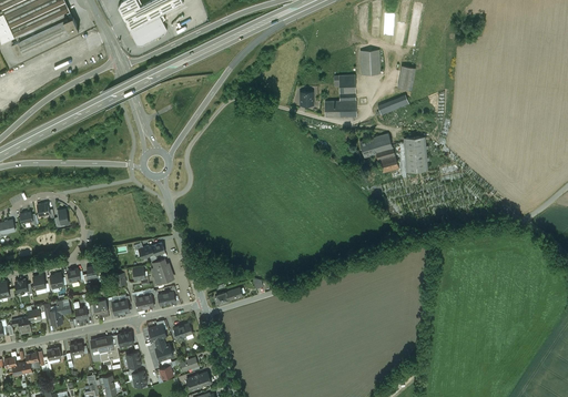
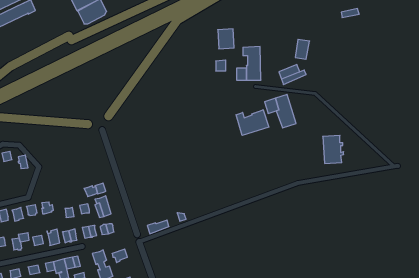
building: [359,50,379,74] -> [218,29,234,49]
building: [403,136,428,171] -> [323,135,344,163]
building: none -> [236,110,269,135]

